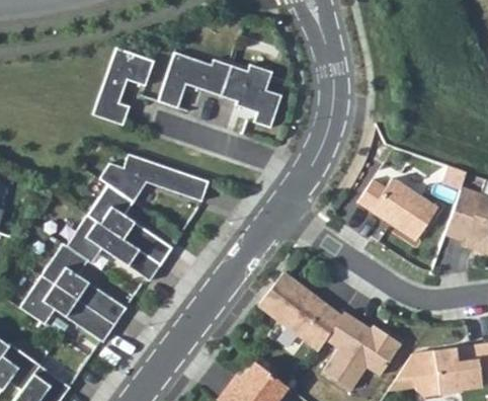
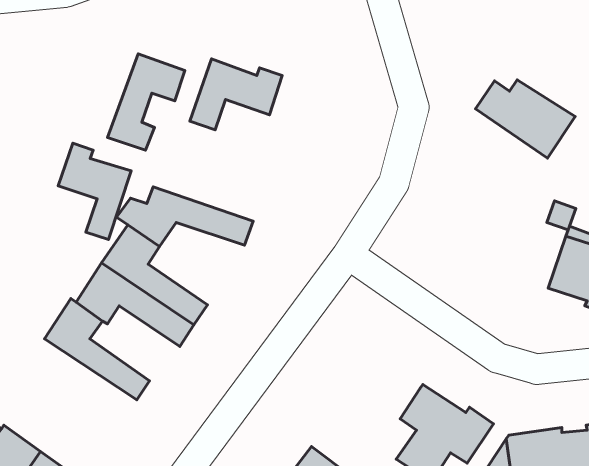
building: [222,64,282,128] -> none
building: none -> [58,143,131,239]
building: [358,178,438,241] -> [475,80,575,158]
building: [258,271,342,351] -> none
building: [20,275,115,342] -> none

